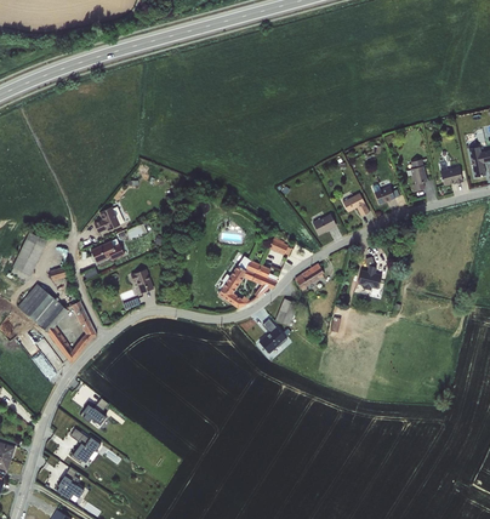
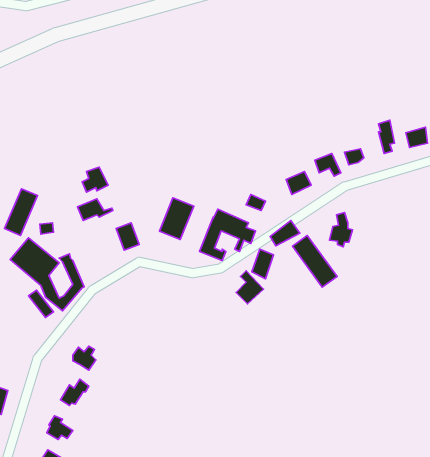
building: none -> [160,198,194,240]
building: none -> [292,235,337,287]

